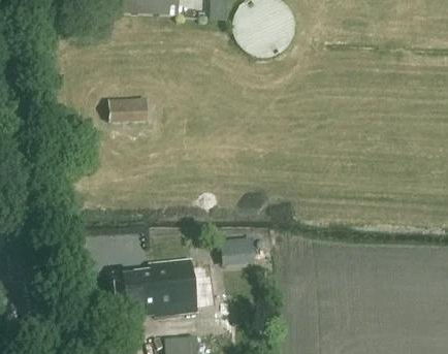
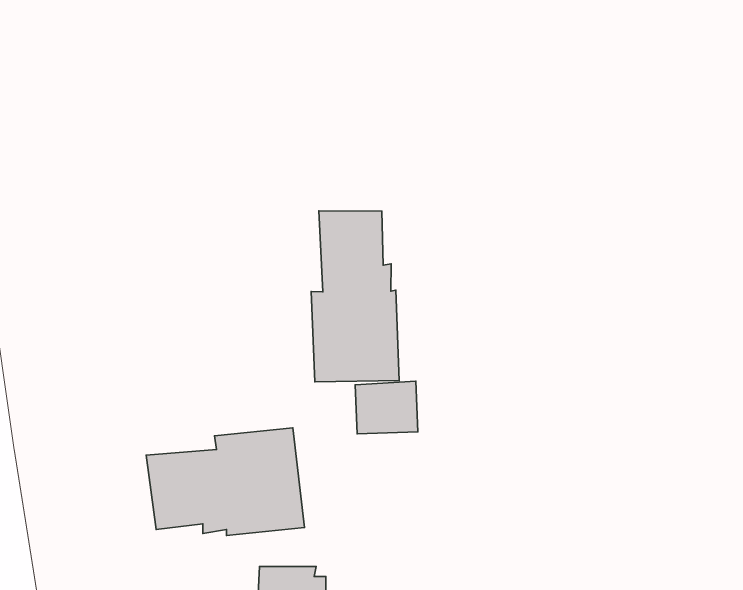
building: [107,97,149,122] -> none
building: none -> [311,211,399,382]

